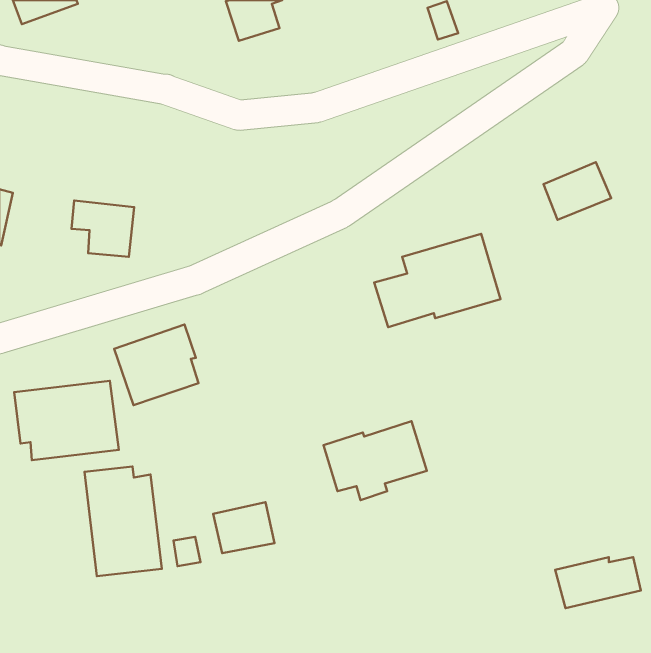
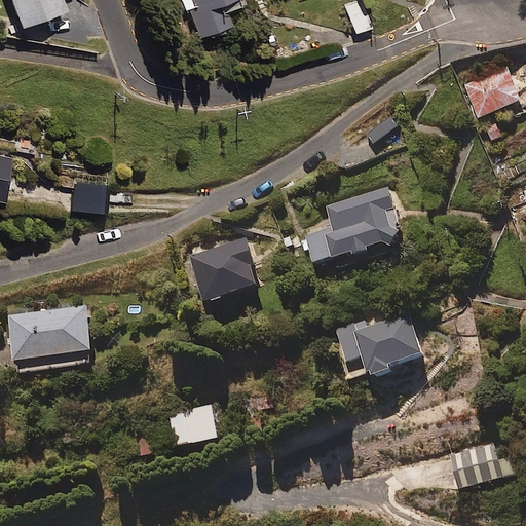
building: [543,162,611,220] -> [465,72,520,118]
building: [114,324,198,405] -> [187,237,255,302]
building: [323,421,427,500] -> [337,313,420,377]
building: [85,466,162,576] -> none

